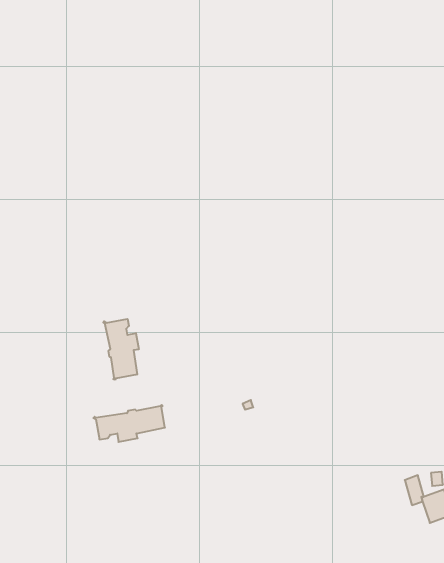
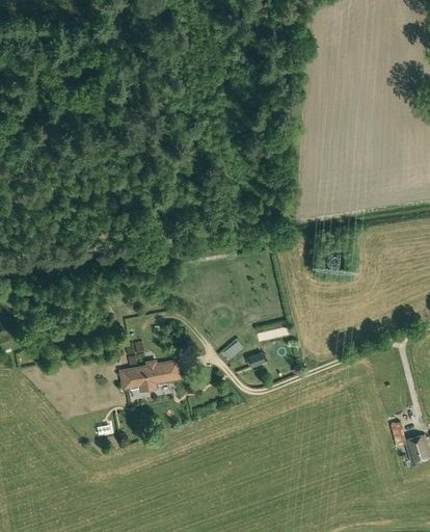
building: [103,319,139,380] -> none

